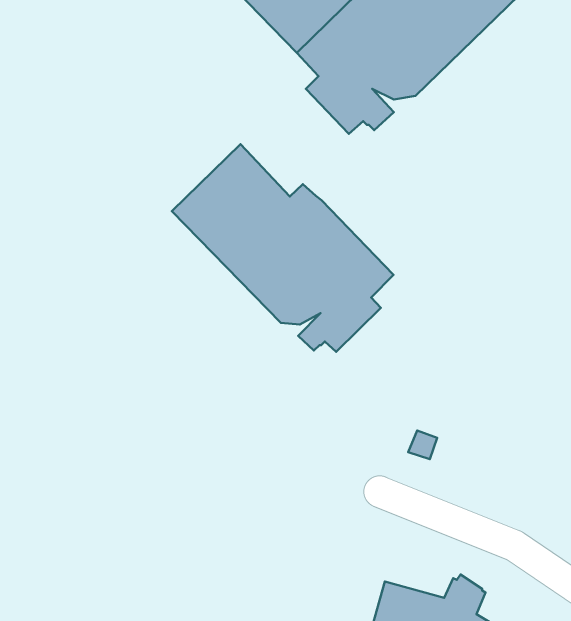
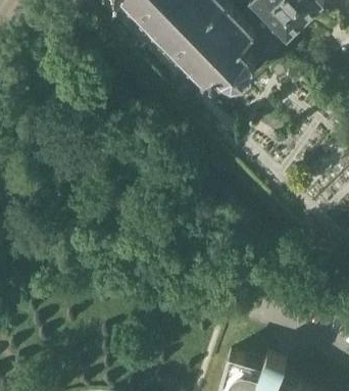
building: [172,144,394,352] -> none

